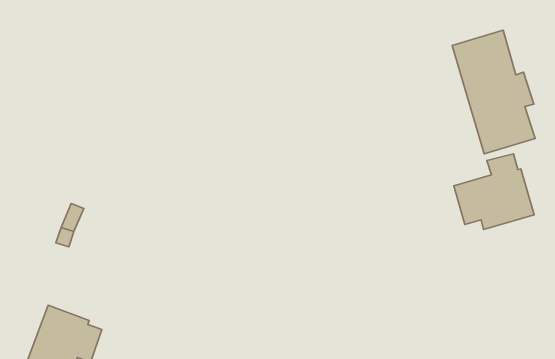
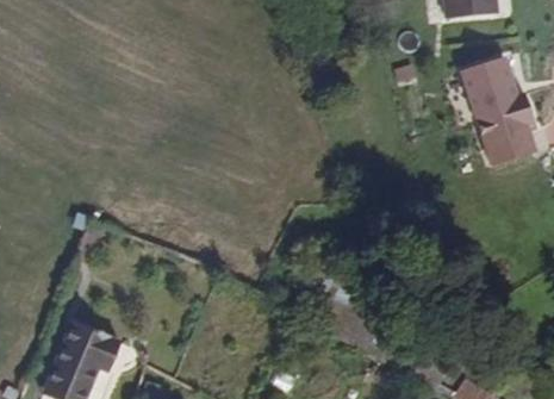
building: [454,154,534,230] -> none

